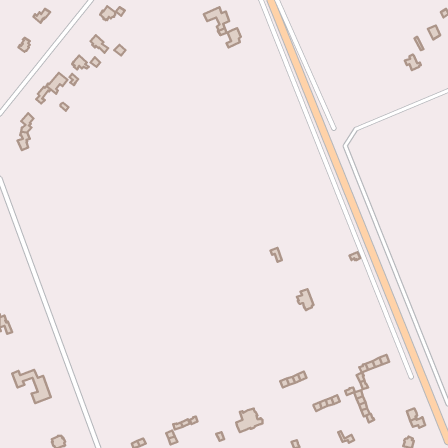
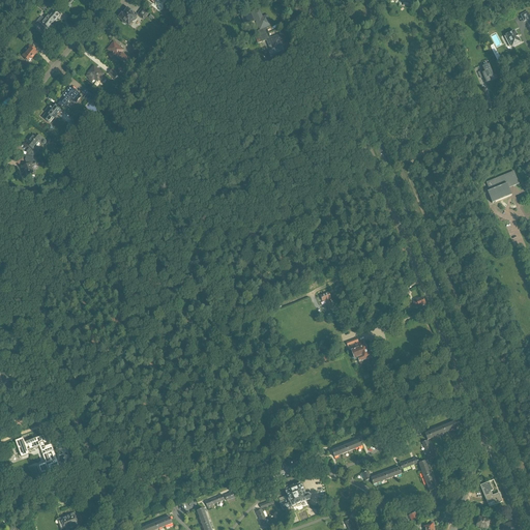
building: none -> [485,171,518,203]

